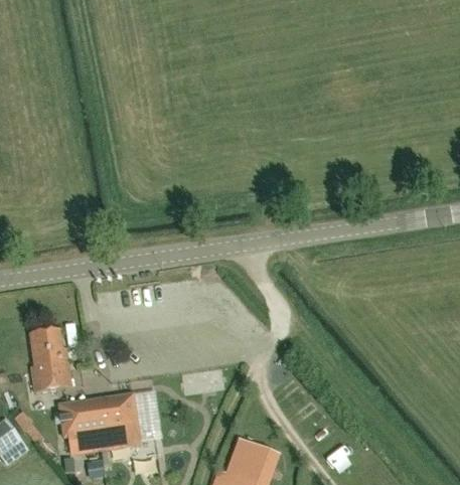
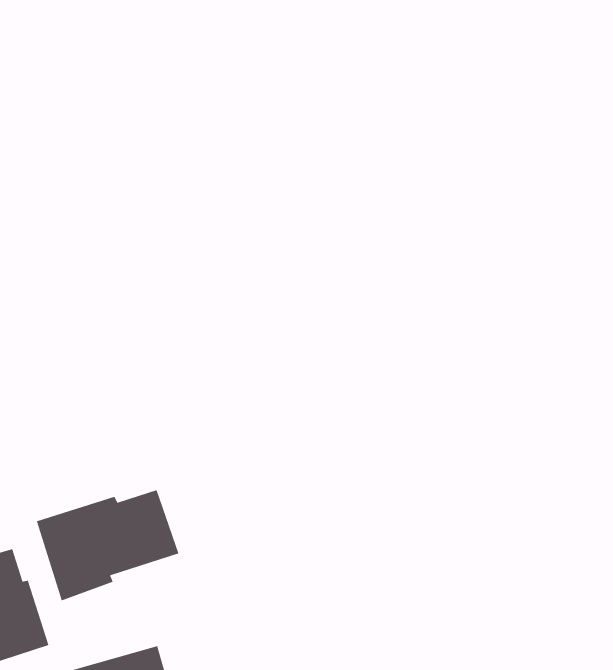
building: none -> [36,489,179,601]

